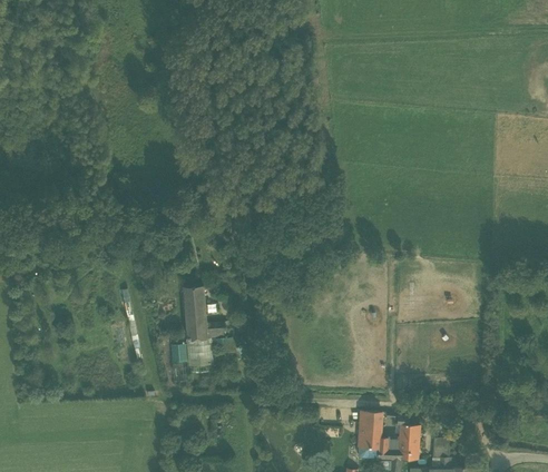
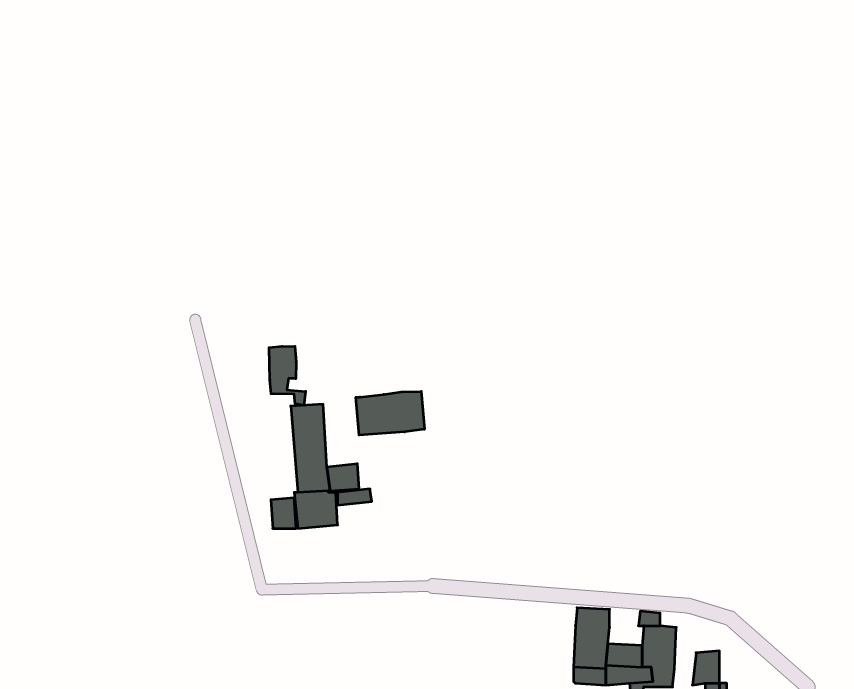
building: none -> [269,346,306,405]
building: none -> [356,391,424,435]

